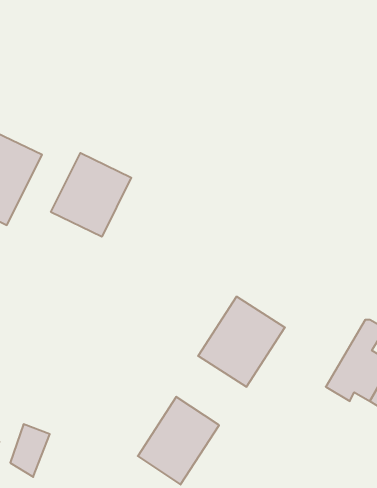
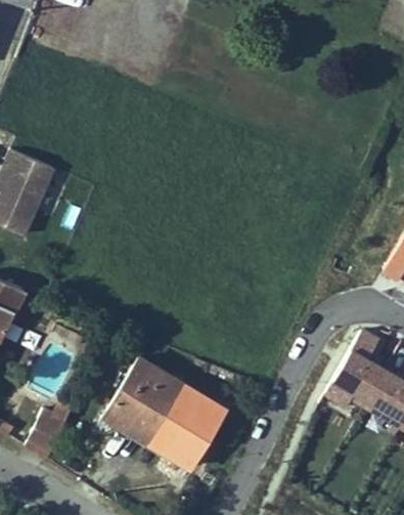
building: [51,153,131,237] -> none
building: [198,297,285,387] -> [103,371,184,455]

